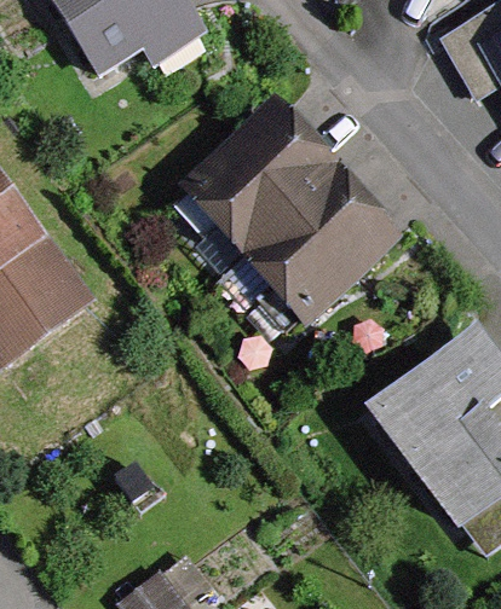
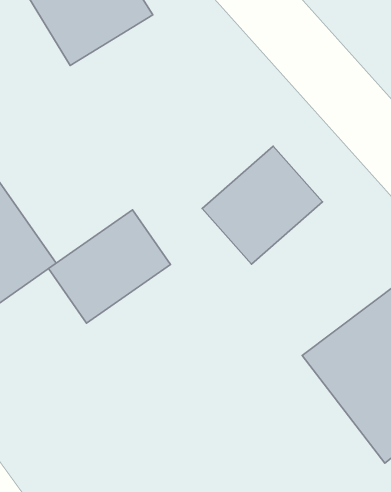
building: [196,109,332,242] -> none
building: none -> [49,210,170,323]

